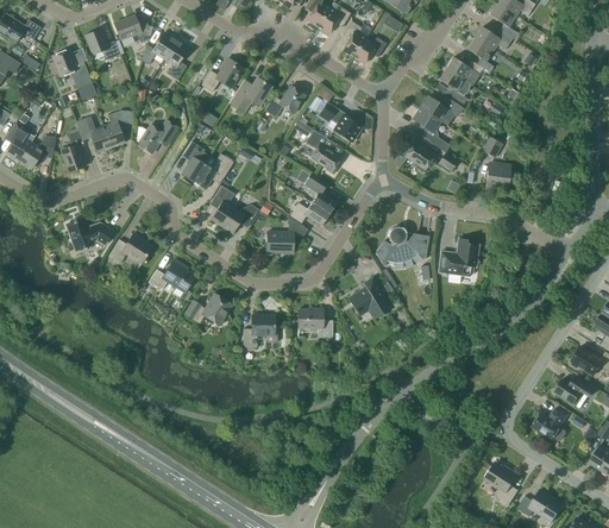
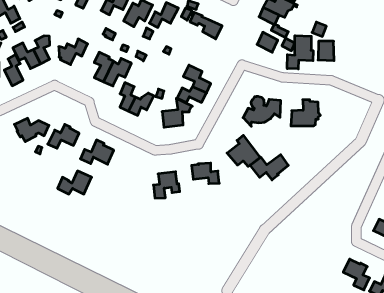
building: [306,130,340,174] -> none
building: none -> [287,36,313,69]
building: [184,293,232,325] -> [58,171,92,194]
building: none -> [250,155,288,180]

